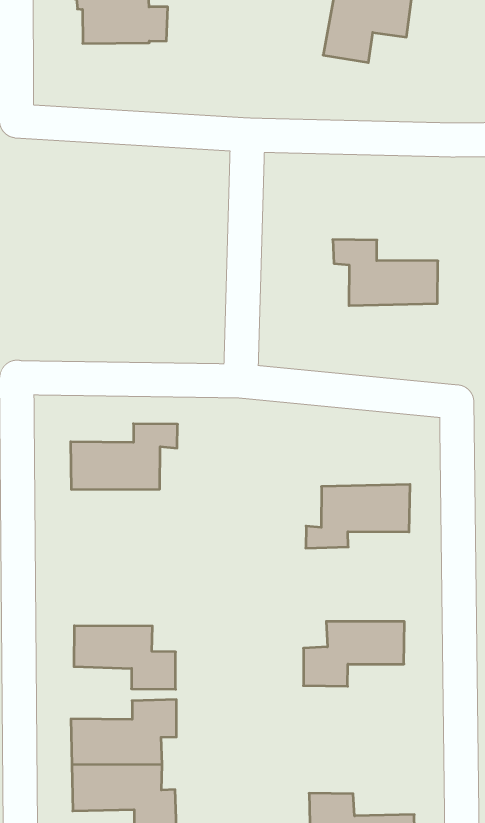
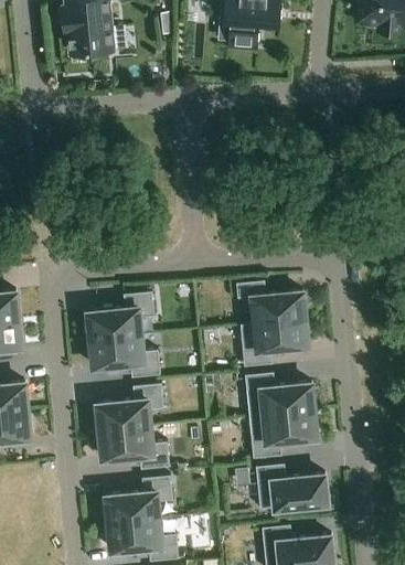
building: [333,240,438,306] -> [237,282,309,327]
building: none -> [89,338,160,380]
building: none -> [244,371,313,414]
building: none -> [97,384,163,431]
building: none -> [255,462,328,508]

